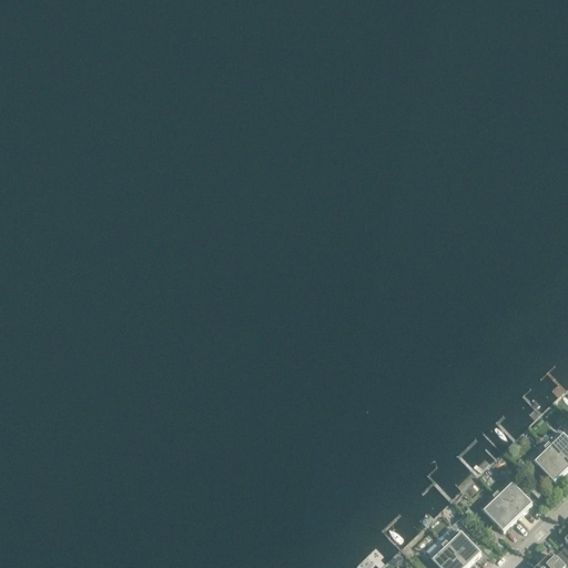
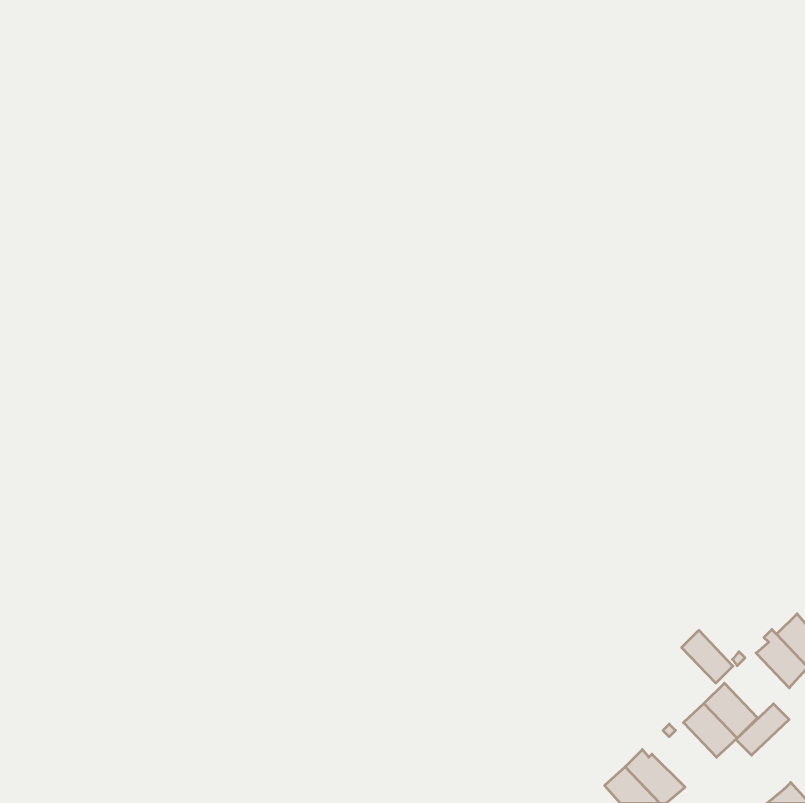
building: none -> [682,630,733,683]
building: none -> [736,704,789,755]

